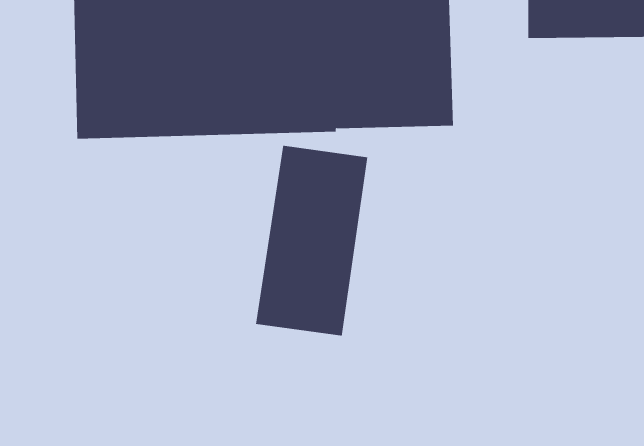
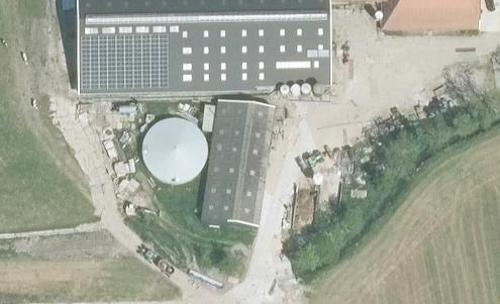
building: none -> [141,116,207,182]

